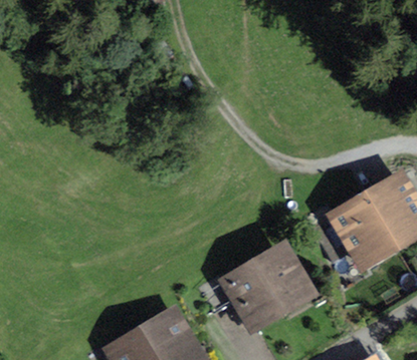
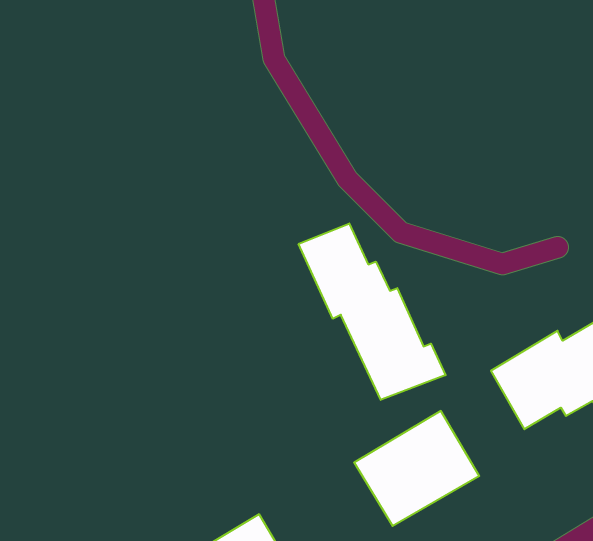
building: none -> [299,223,446,400]

